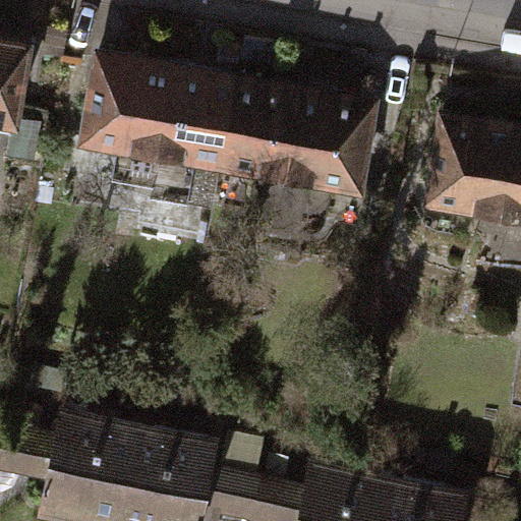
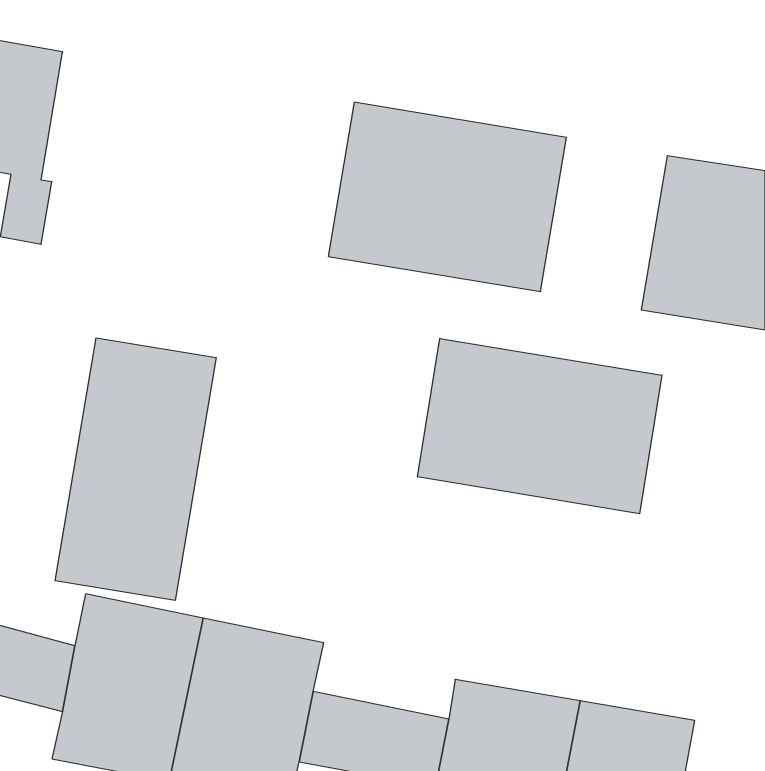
building: [77,51,236,219] -> none
building: none -> [55,338,216,600]
building: none -> [417,338,662,514]

